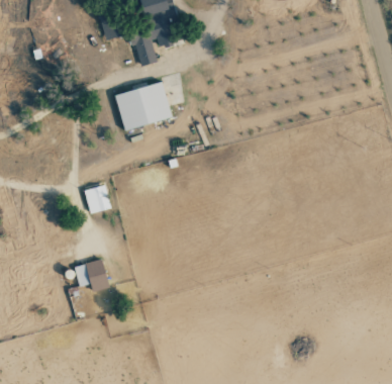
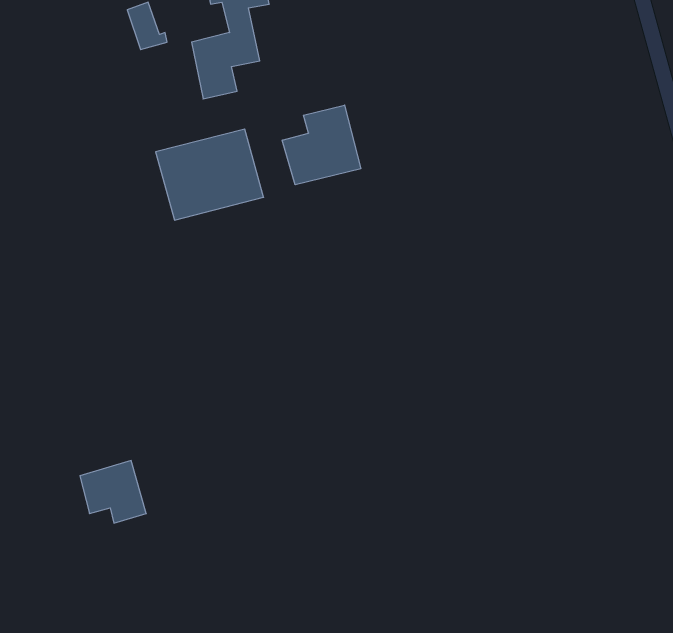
building: none -> [282,105,361,185]
building: [84,185,111,214] -> none

